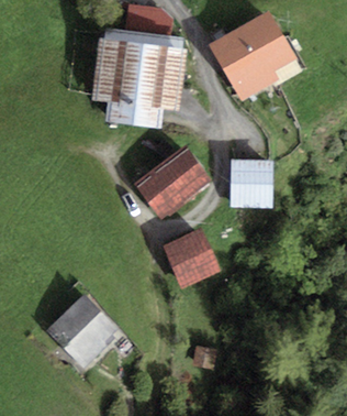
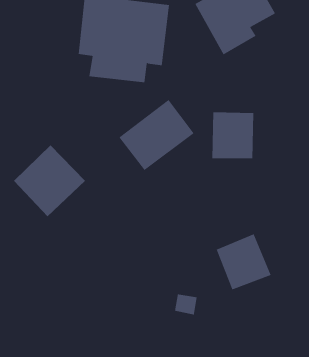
building: [161,227,219,285] -> [216,234,271,290]
building: [44,294,119,369] -> [13,144,86,217]

